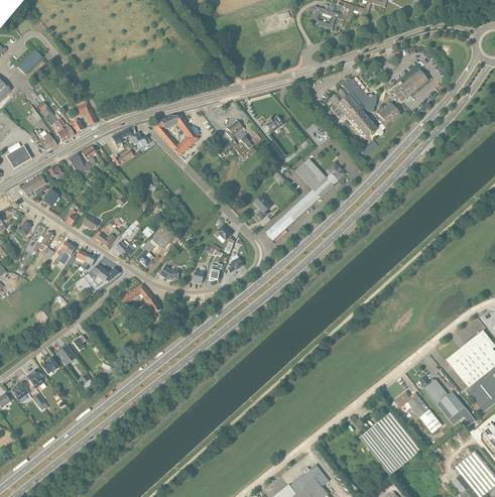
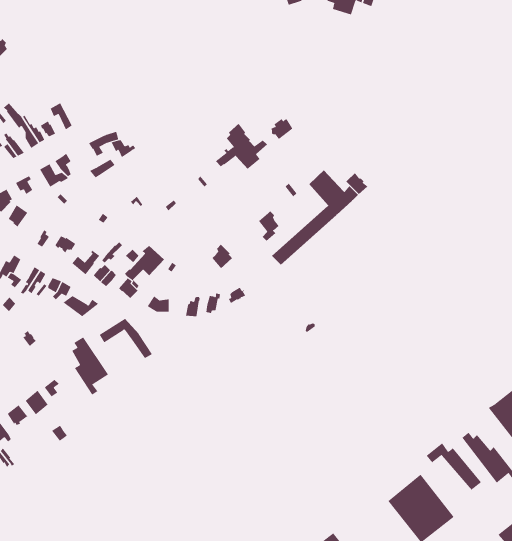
building: [329,68,428,155] -> none
building: [154,115,200,155] -> none
building: none -> [71,336,109,395]

